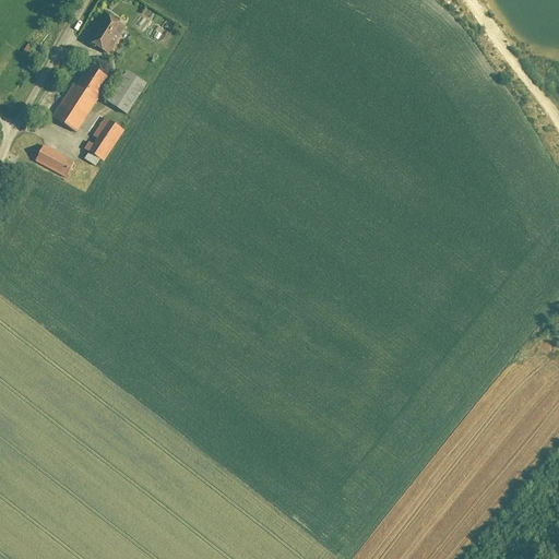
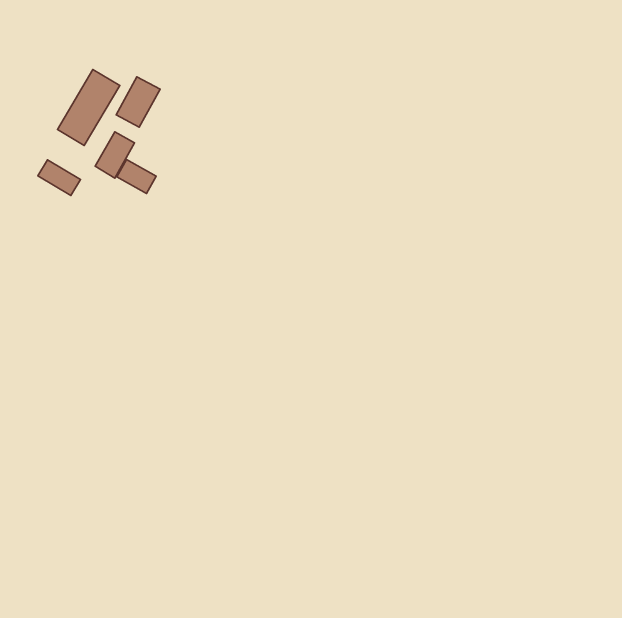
building: [86,11,124,51] -> none
building: none -> [117,160,156,194]

